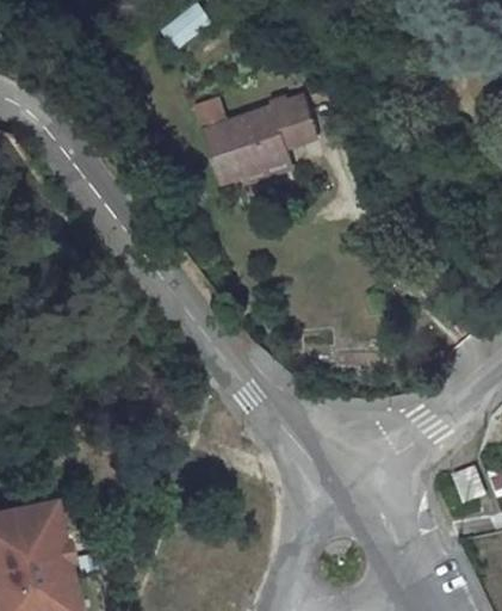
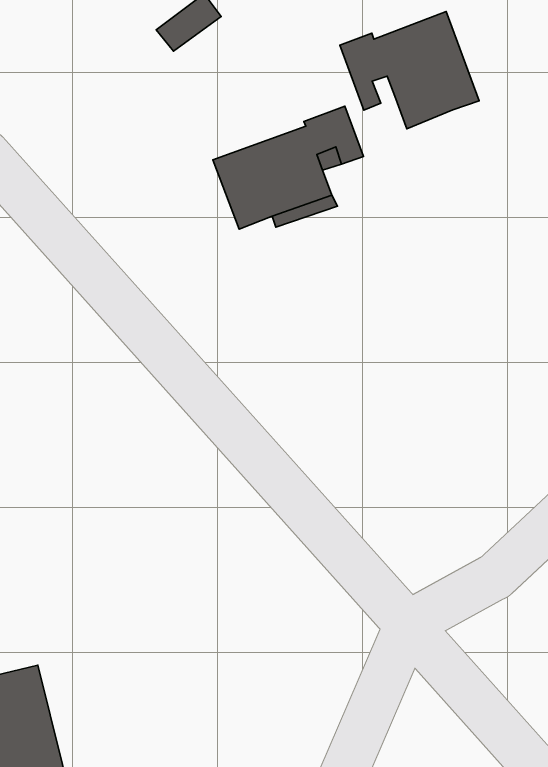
building: none -> [340,11,479,129]

